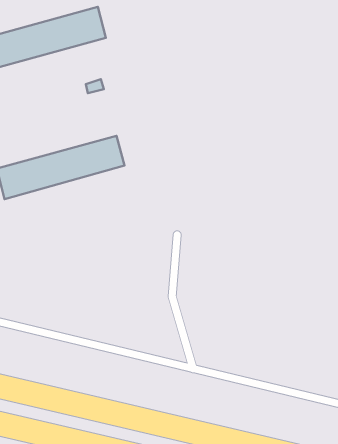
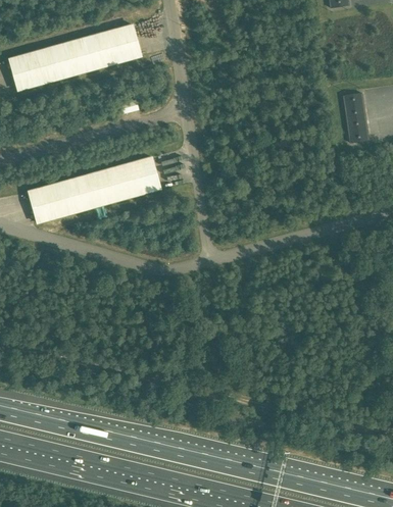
building: none -> [344,93,369,143]

